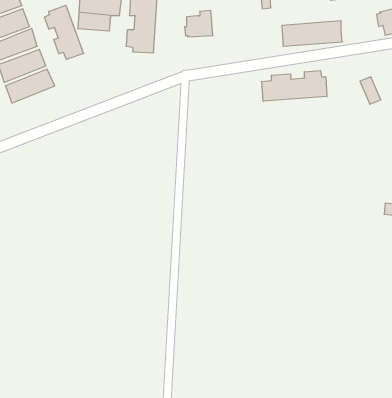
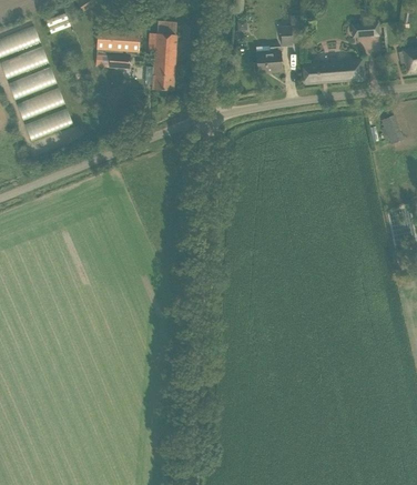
building: [44,5,84,60] -> none
building: [184,10,213,37] -> [254,46,283,72]
building: [262,71,327,101] -> none

